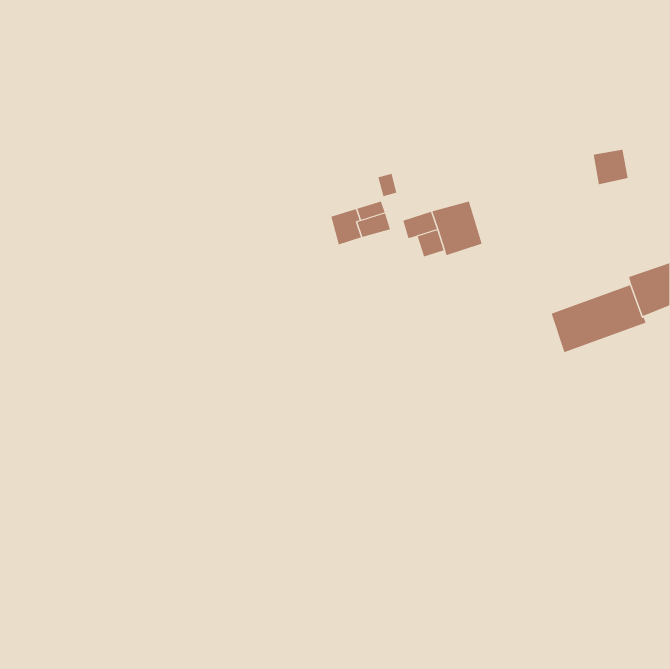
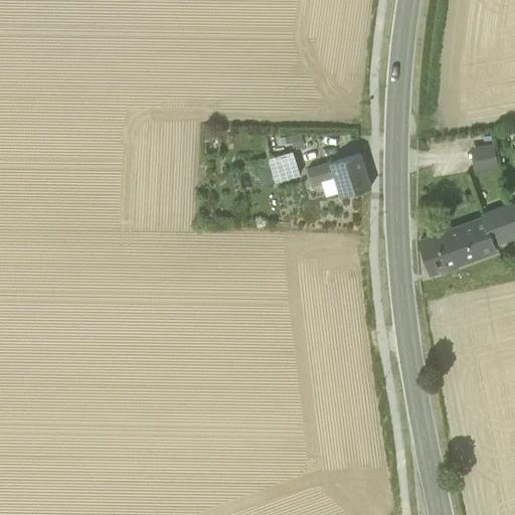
building: [593,149,628,185] -> [472,146,499,173]

